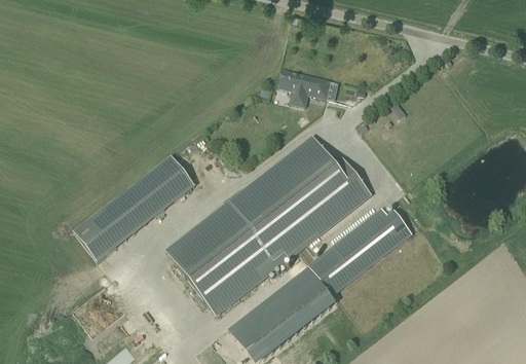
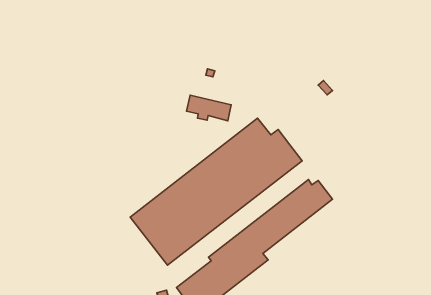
building: [278,68,330,98] -> [187,95,231,121]
building: [73,153,194,259] -> none

